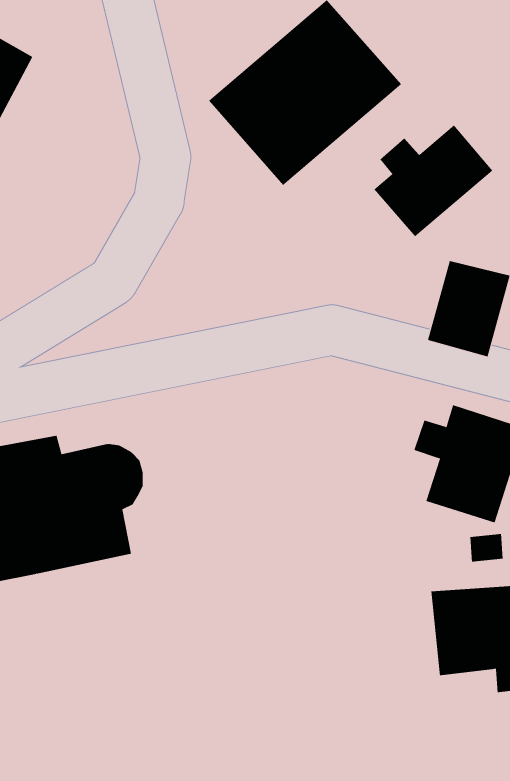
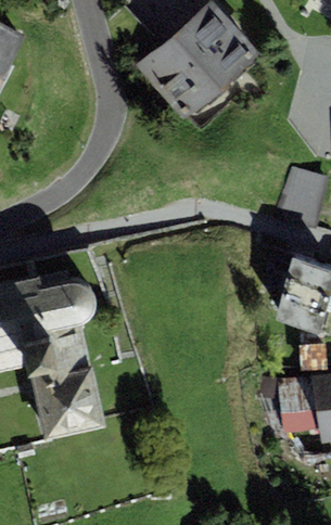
building: [373,124,493,237] -> none
building: none -> [27,355,104,440]

